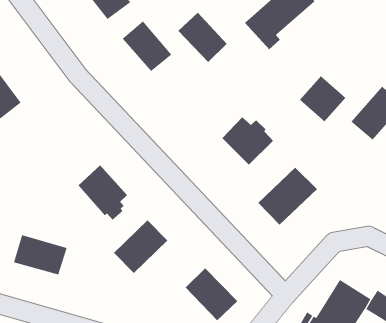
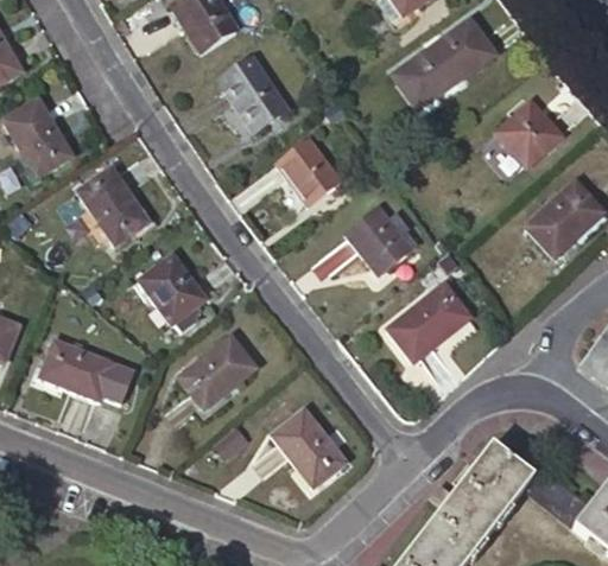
building: [178,12,228,63] -> [272,133,340,205]
building: [299,76,346,122] -> [496,101,562,166]
building: none -> [77,167,148,244]

